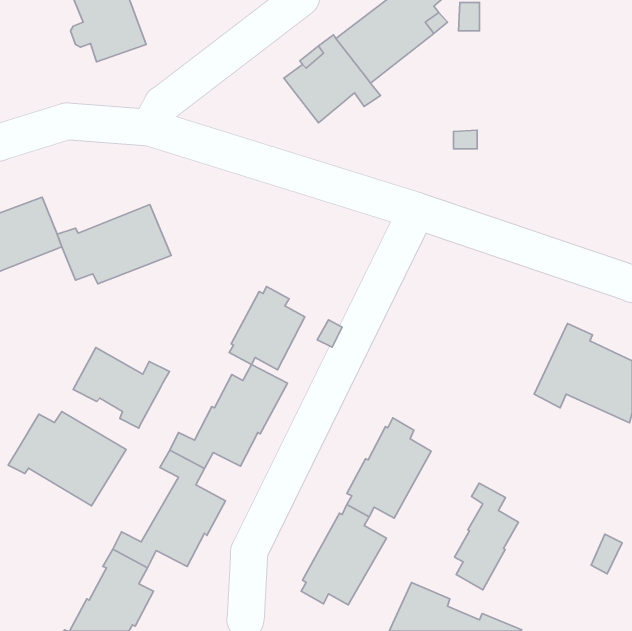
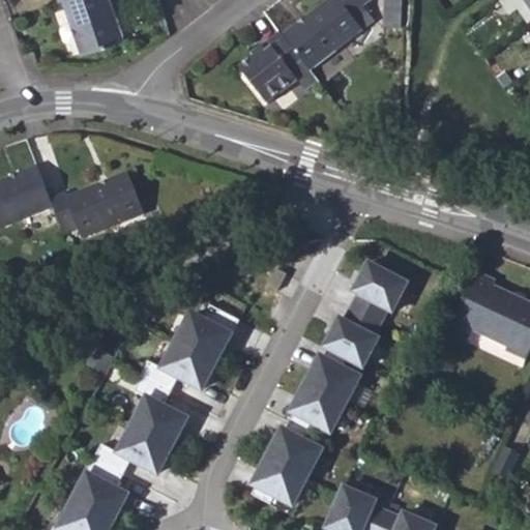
building: [229,287,305,370] -> none
building: none -> [324,262,408,367]
building: [73,347,169,428] -> none
building: [8,412,126,506] -> none
building: [455,483,518,590] -> none

